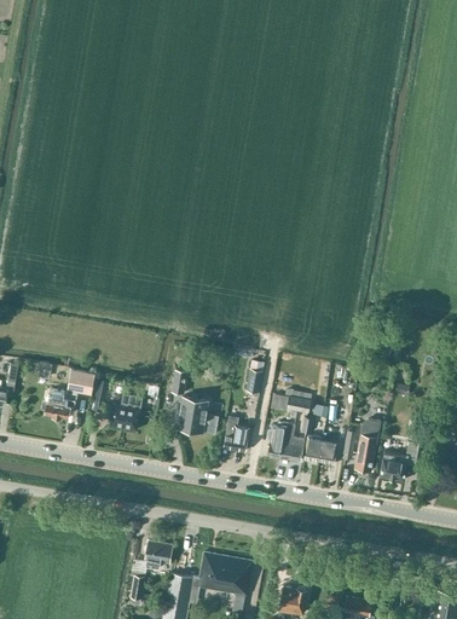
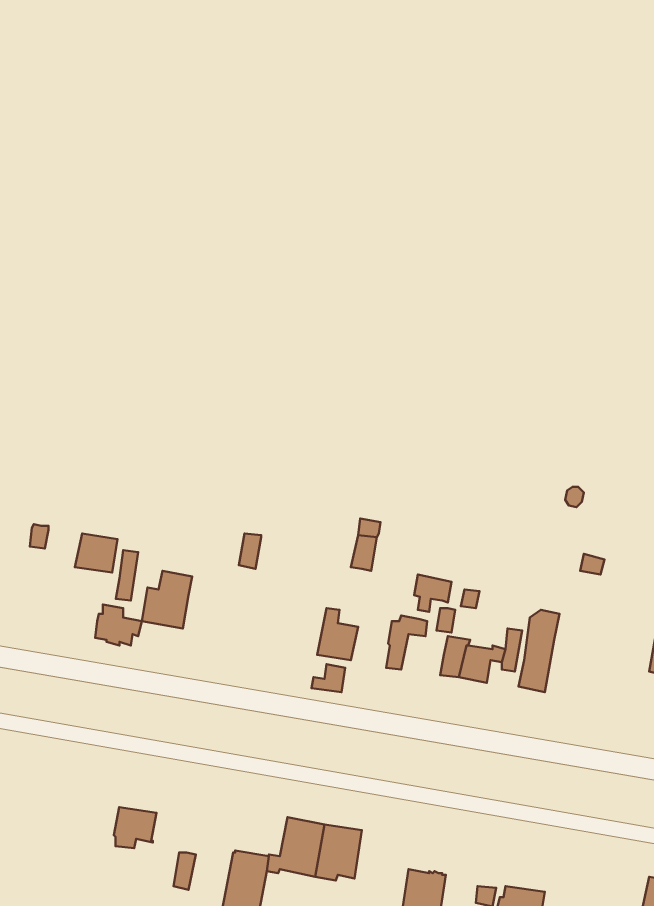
building: [46,389,76,416] -> [95,604,142,645]
building: [178,395,219,434] -> none
building: [278,434,305,462] -> none
building: [380,441,420,480] -> none
building: [145,542,173,568] -> [114,807,157,848]

